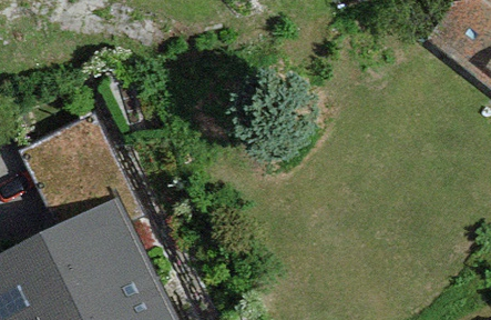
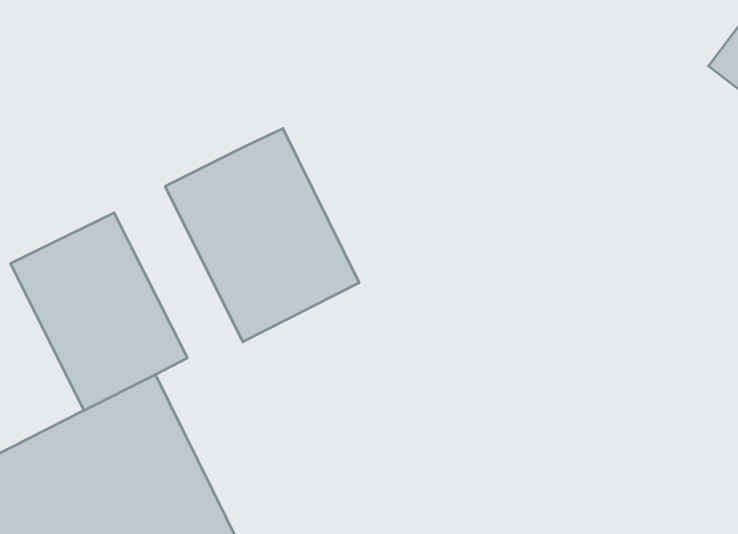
building: none -> [165,128,359,342]

